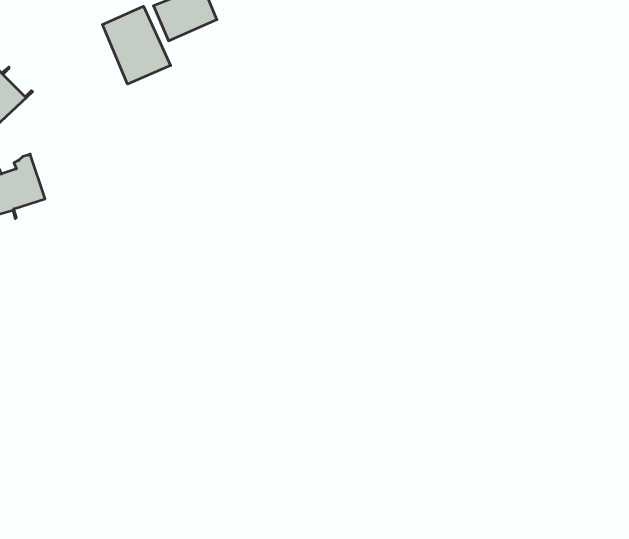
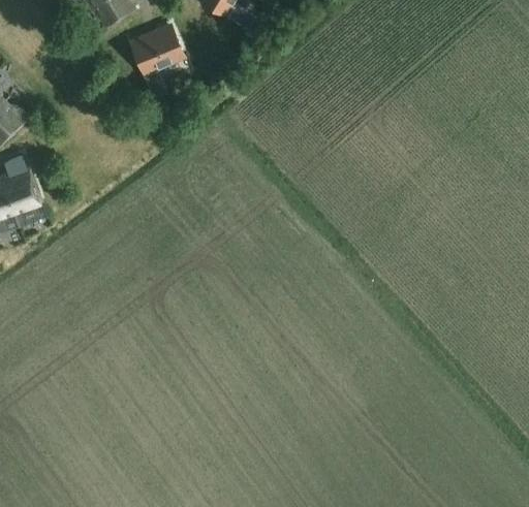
building: [102,6,171,84] -> none

